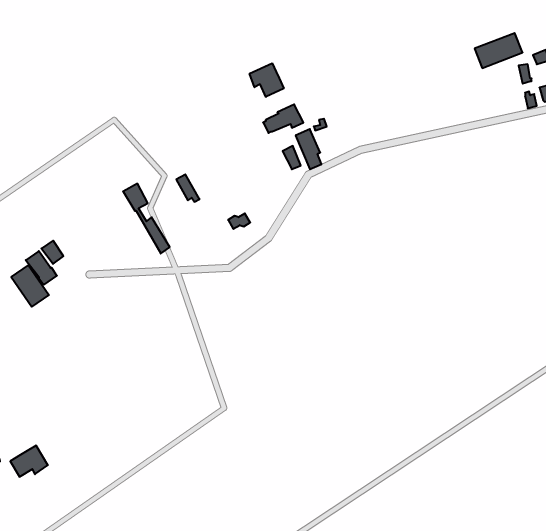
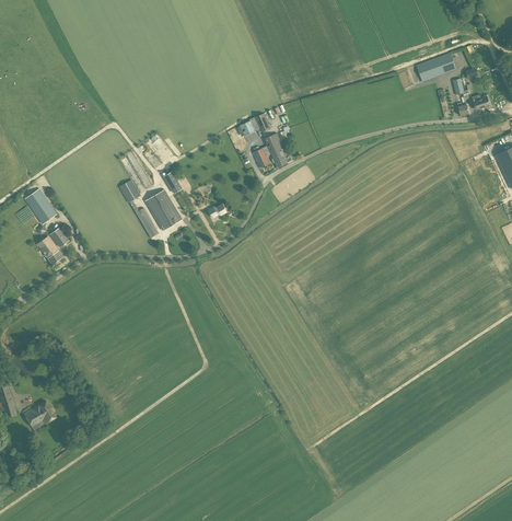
building: [250,63,284,97] -> none
building: none -> [146,188,183,230]
building: [11,265,49,307] -> [25,188,57,223]

